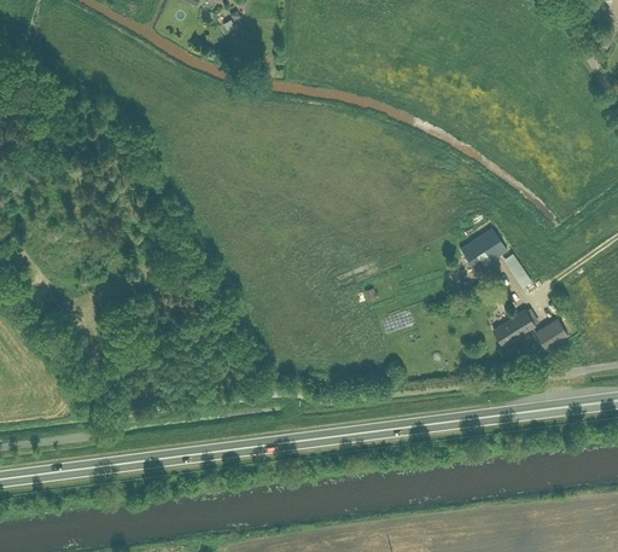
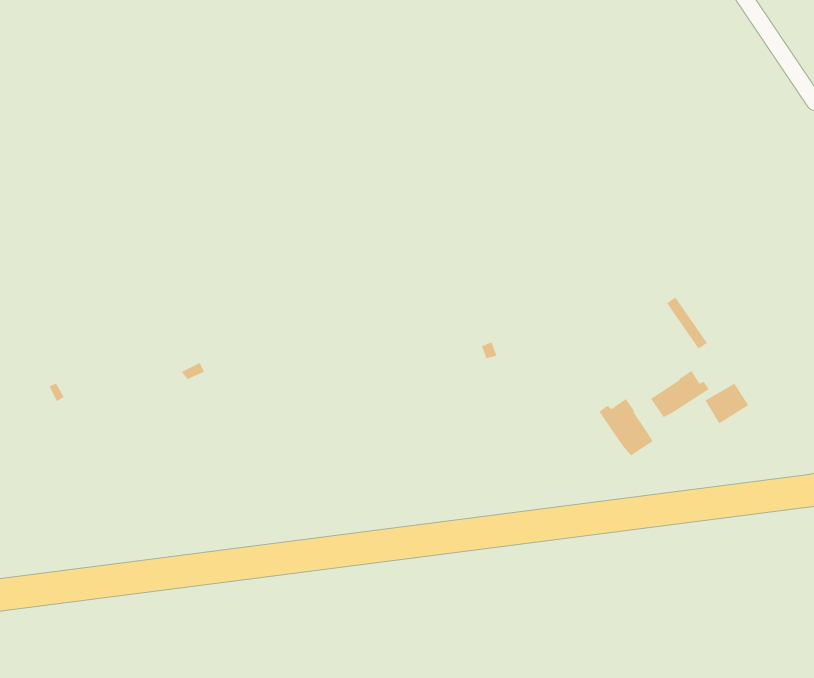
building: [460,229,506,272] -> none
building: none -> [599,398,654,456]

